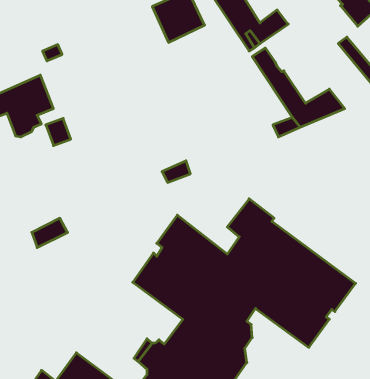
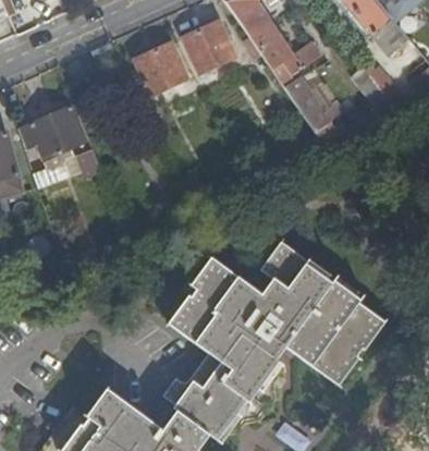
building: none -> [135,44,188,96]

